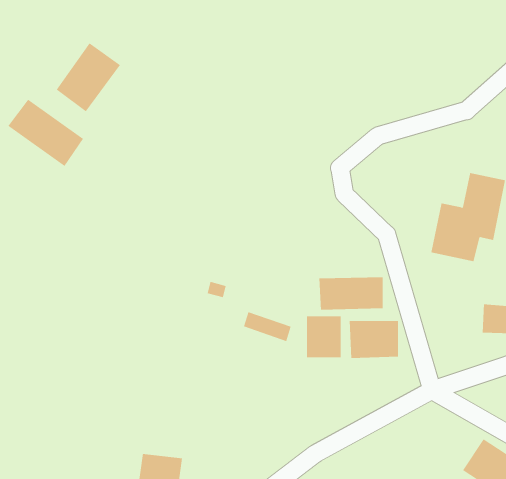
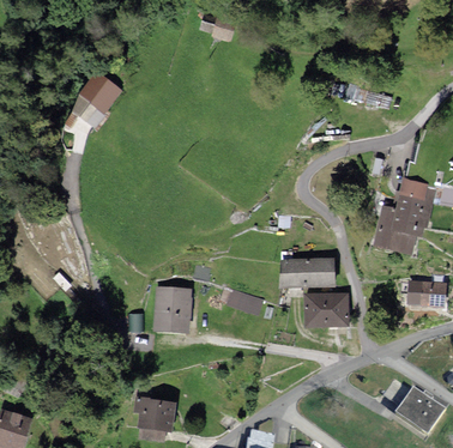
building: [8,99,84,167] -> none
building: none -> [152,284,186,327]
building: [306,316,341,358] -> none

